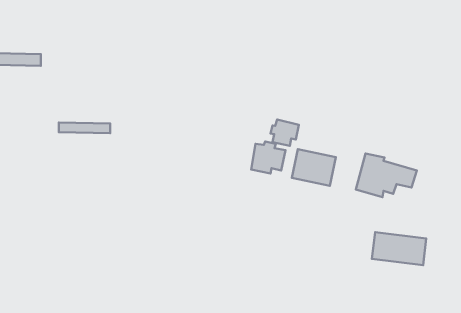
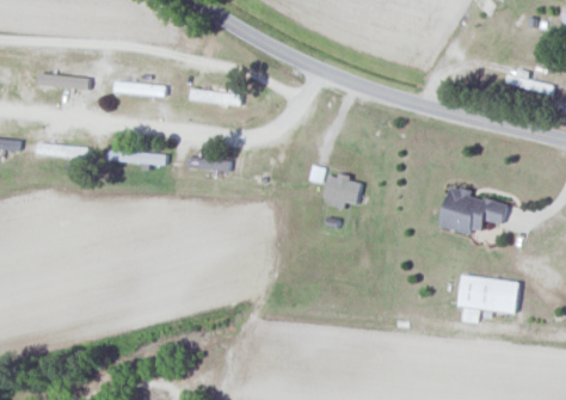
building: [271,120,299,146] -> none
building: [292,149,336,186] -> none

